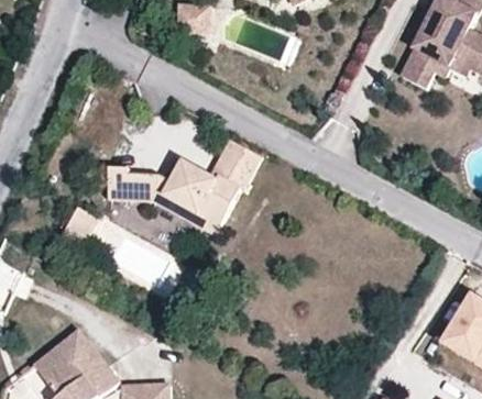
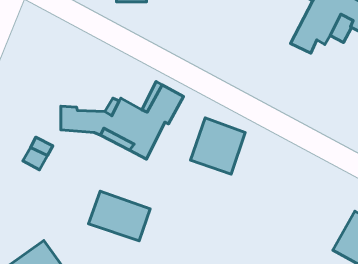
building: none -> [190,118,245,174]
building: none -> [89,191,150,241]

